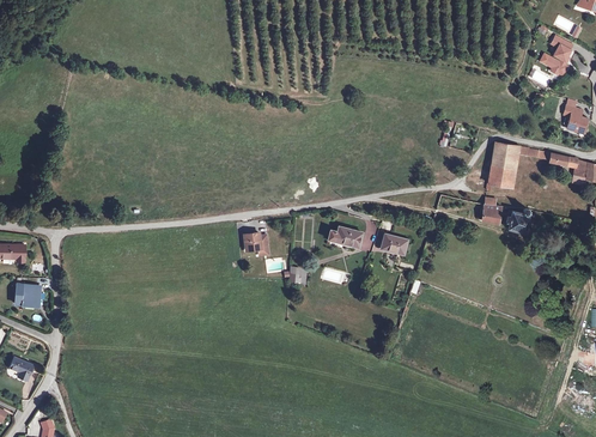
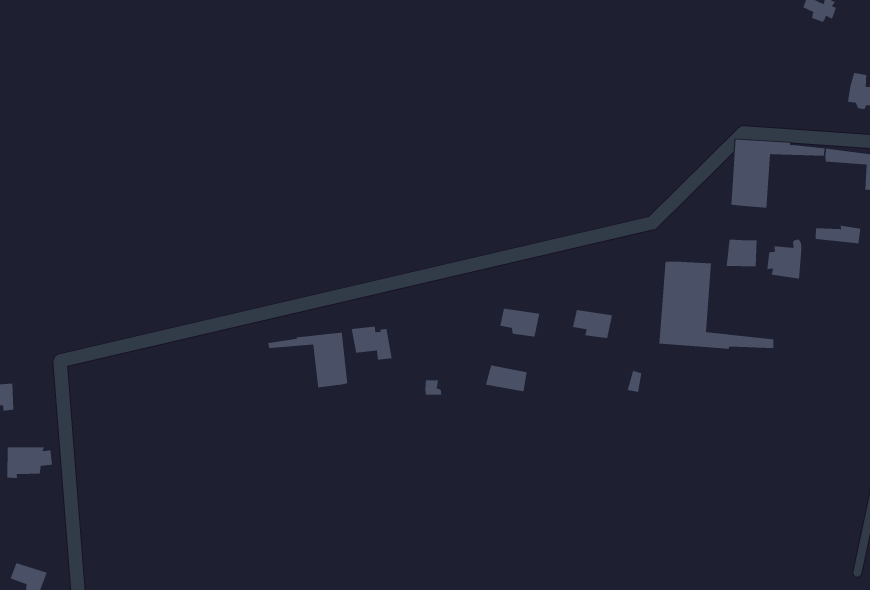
building: none -> [659,261,774,350]
building: none -> [268,332,348,388]

